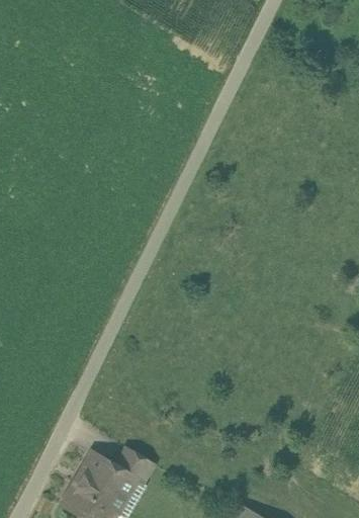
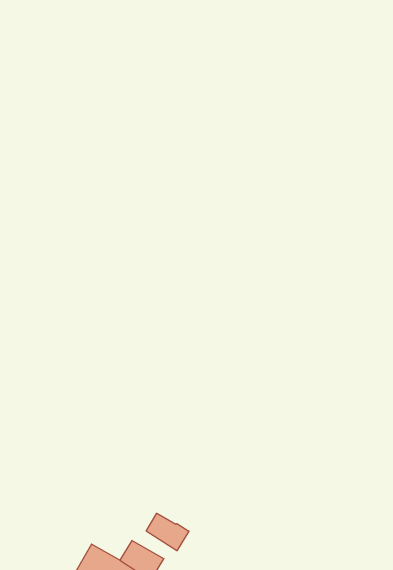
building: none -> [146,513,189,551]

